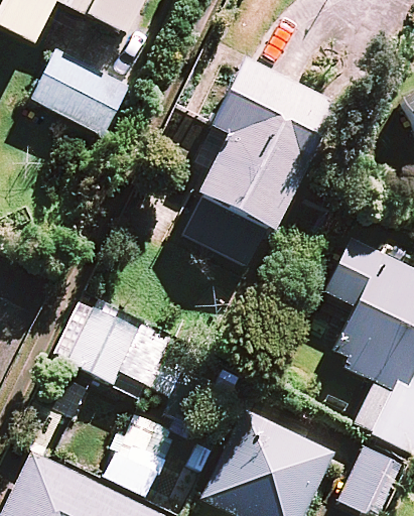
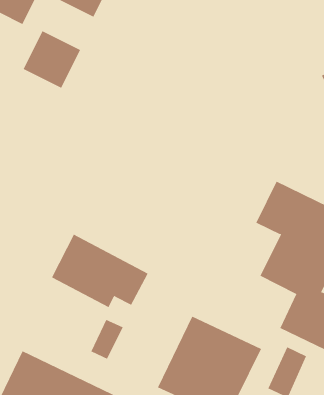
building: [188,64,332,271] -> none

